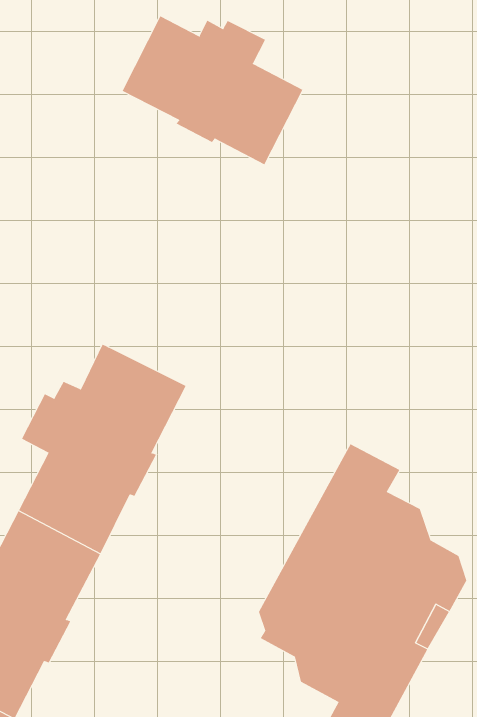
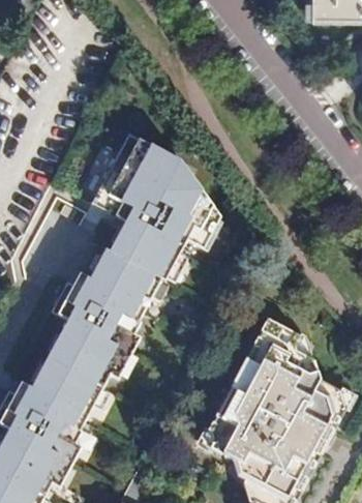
building: [122,16,303,165] -> none
building: none -> [97,131,219,277]

